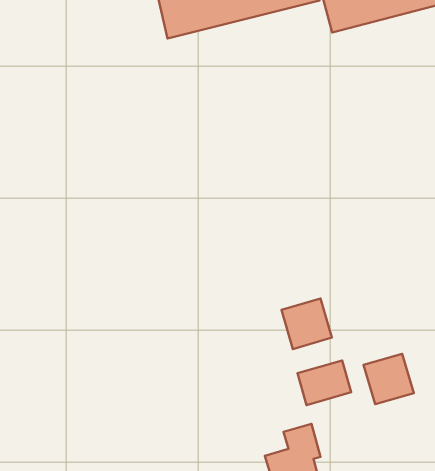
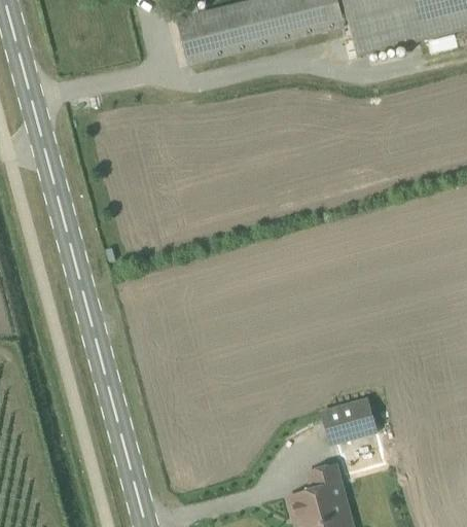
building: [282,298,332,349] -> none
building: [364,354,414,404] -> none

